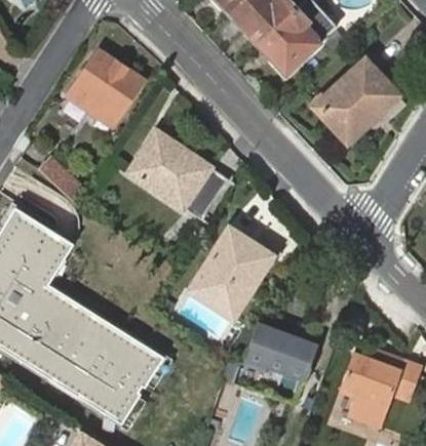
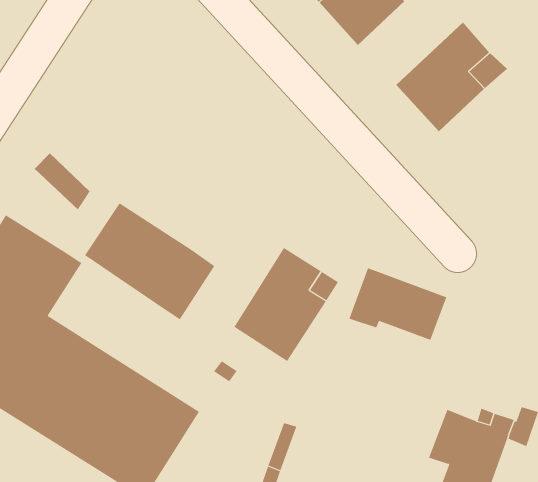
building: [66,50,142,126] -> none
building: [128,132,228,221] -> [84,203,215,320]
building: [241,324,316,379] -> [348,268,447,340]

